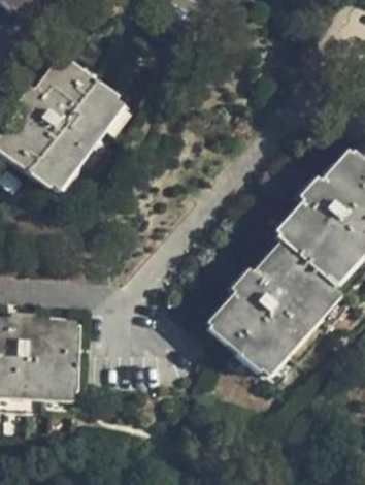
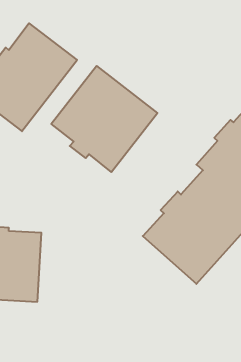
building: none -> [51,66,157,172]

